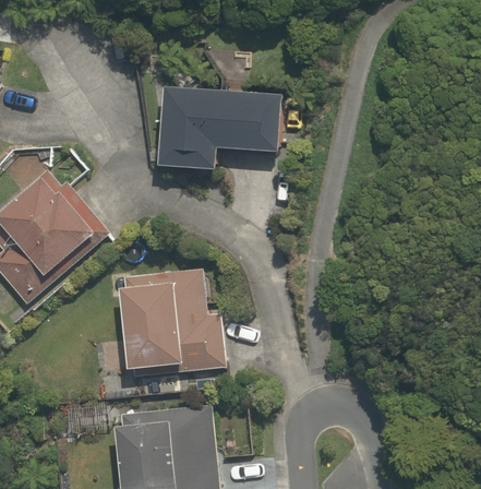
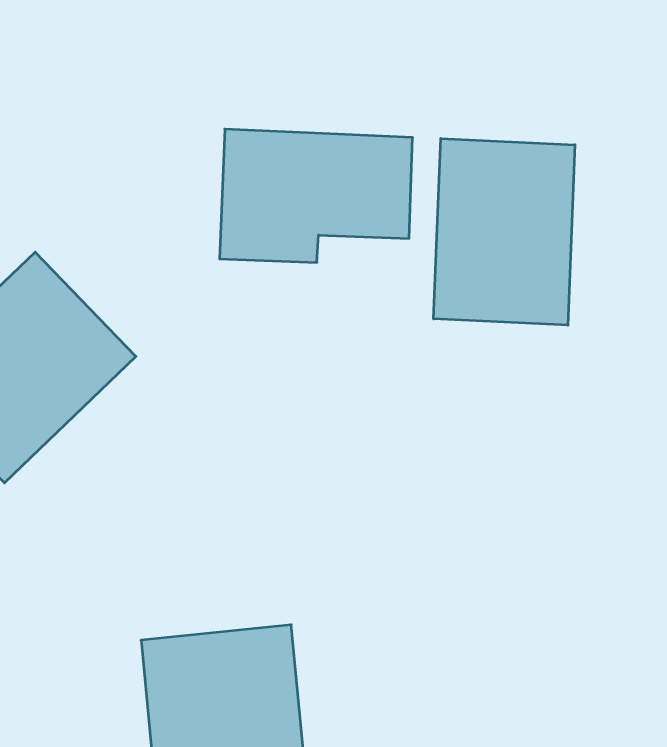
building: none -> [434,138,575,325]
building: [120,267,225,397] -> none

